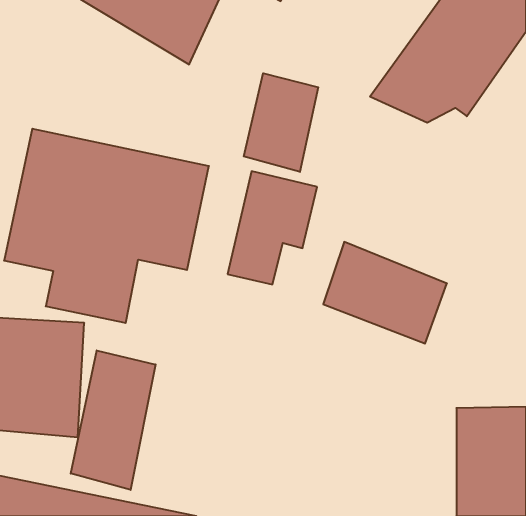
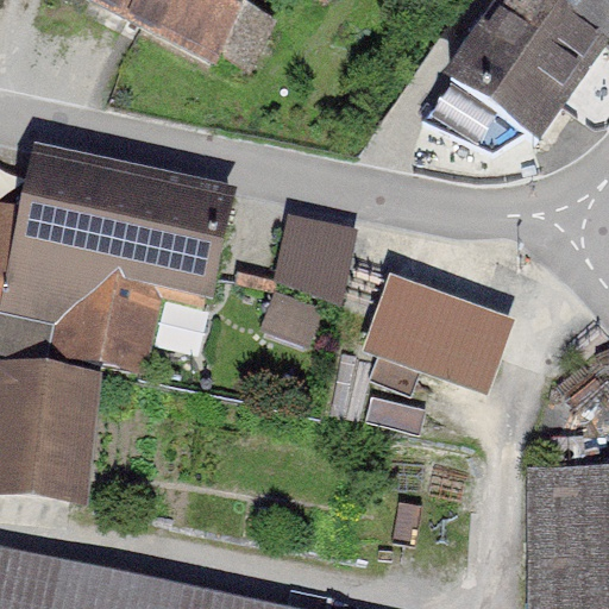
building: [244,73,318,172] -> none
building: [71,350,156,490] -> none

